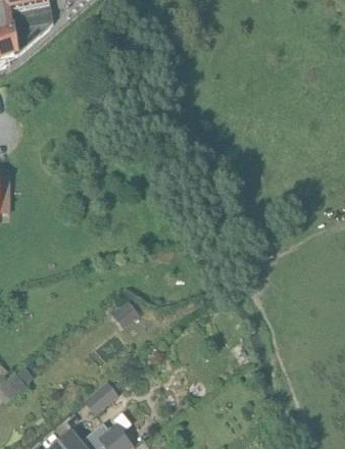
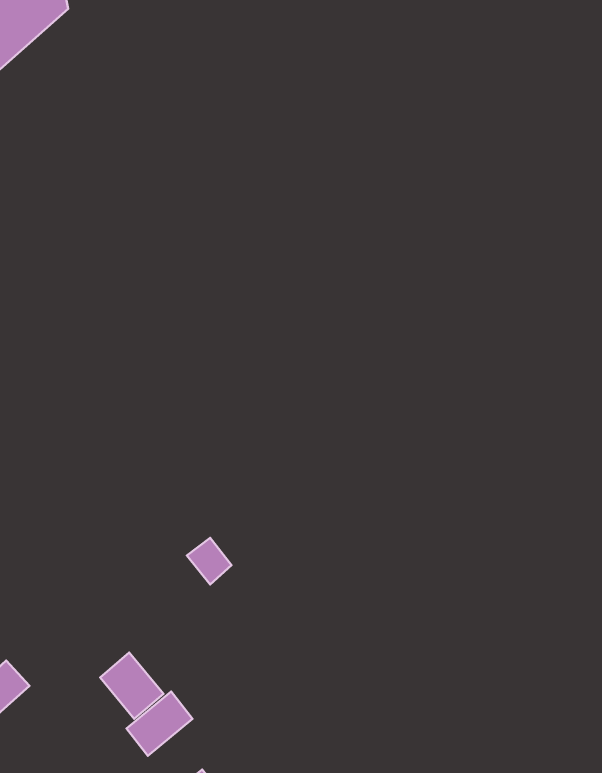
building: none -> [100,652,163,719]

